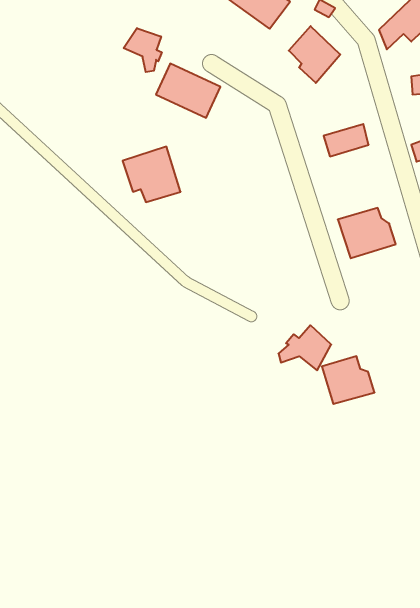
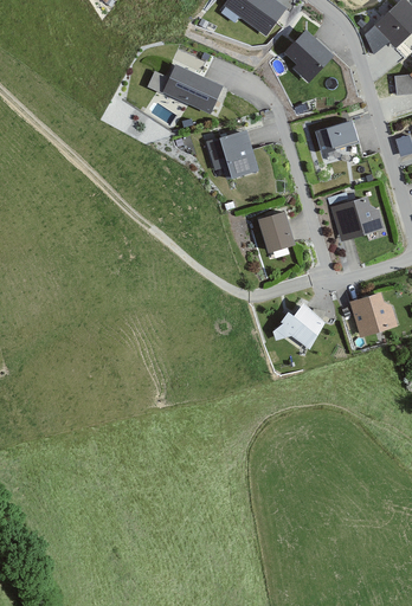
building: [124,28,162,72] -> none
building: [123,147,181,202] -> [205,129,258,180]
building: none -> [258,212,292,252]
building: [322,356,375,404] -> [348,292,397,336]

